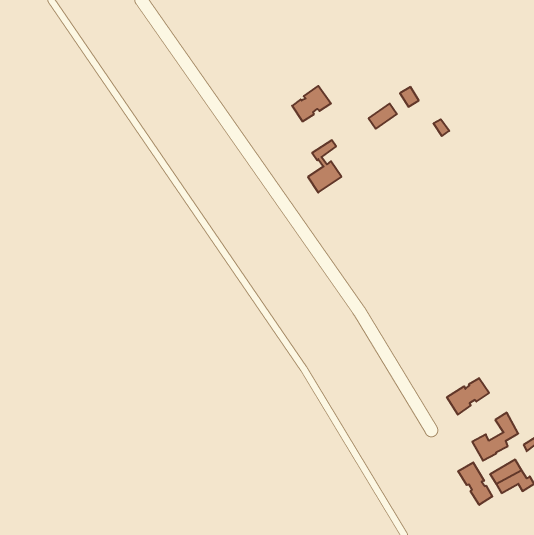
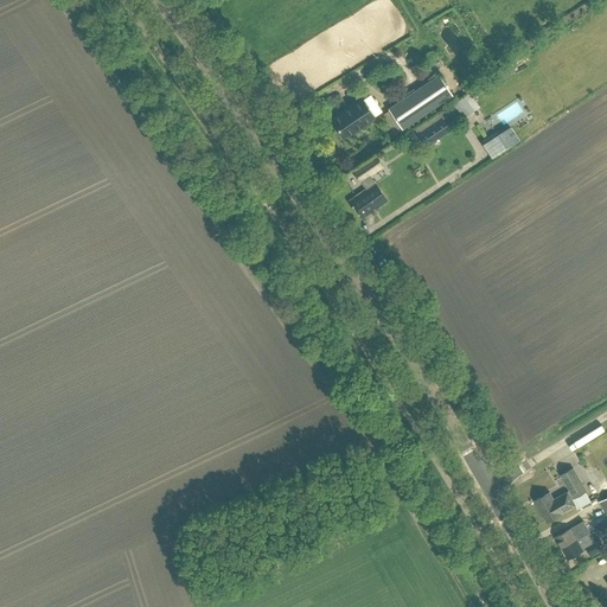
building: none -> [391,77,451,126]
building: [447,378,489,415] -> none
building: [458,462,492,505] -> none

